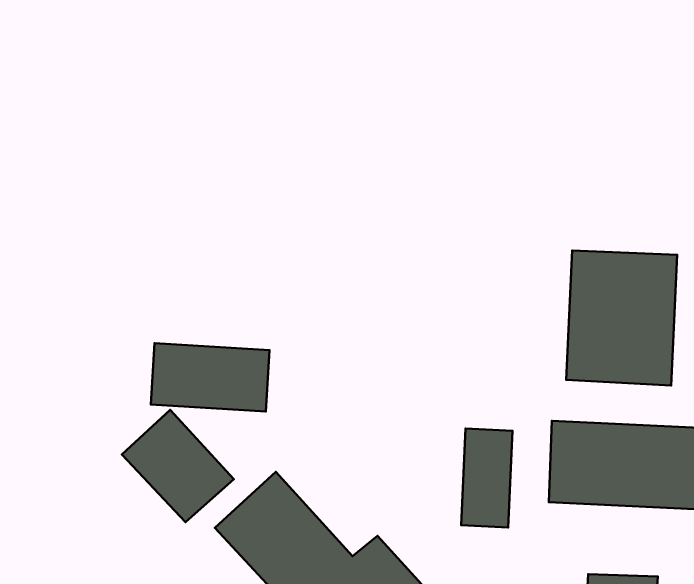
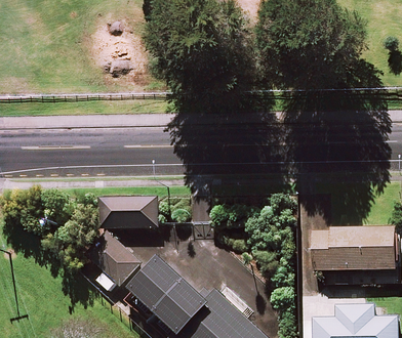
building: [566,251,677,386] -> none
building: [461,429,513,528] -> none

